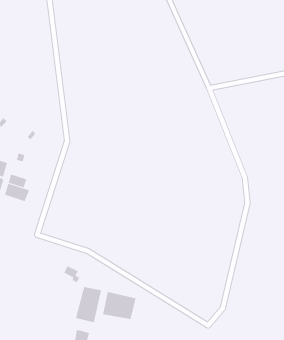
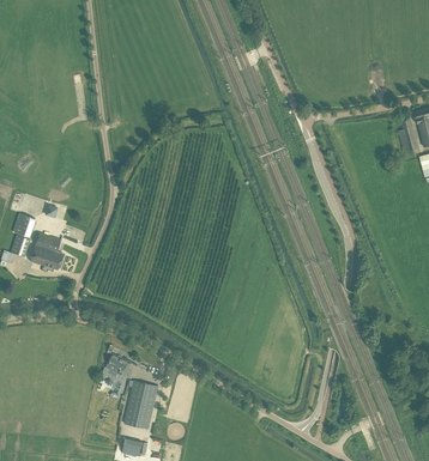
building: [102,291,136,320] -> none

